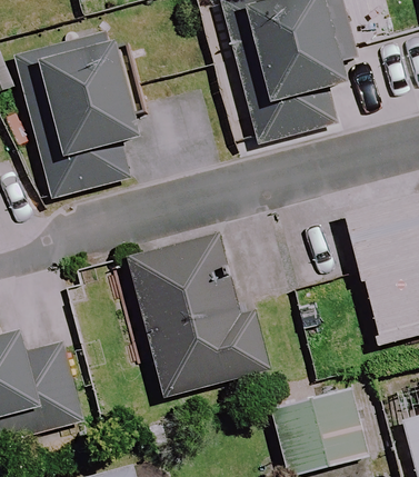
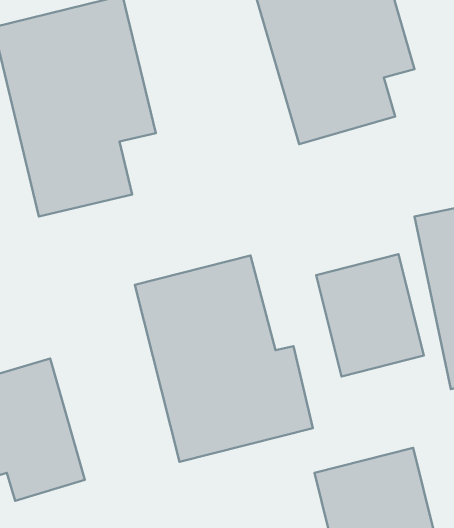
building: none -> [316,254,424,377]

